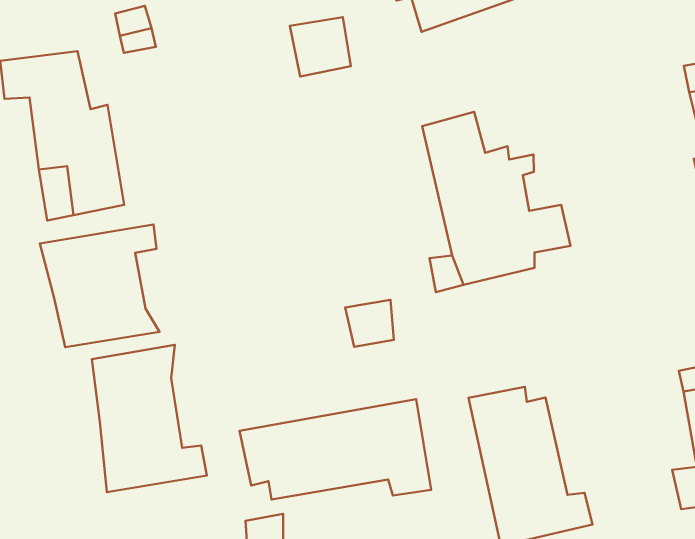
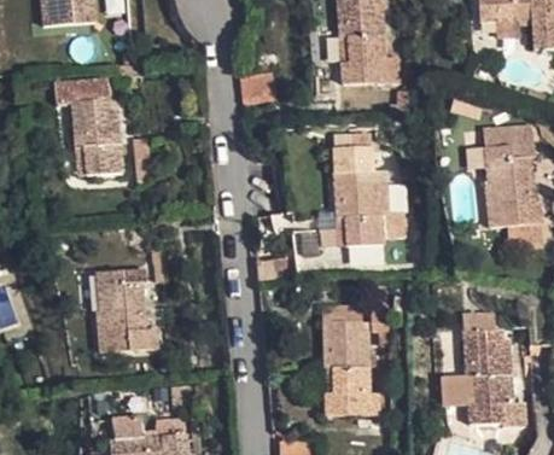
building: [40,225,159,347] -> none
building: [239,399,431,499] -> none

